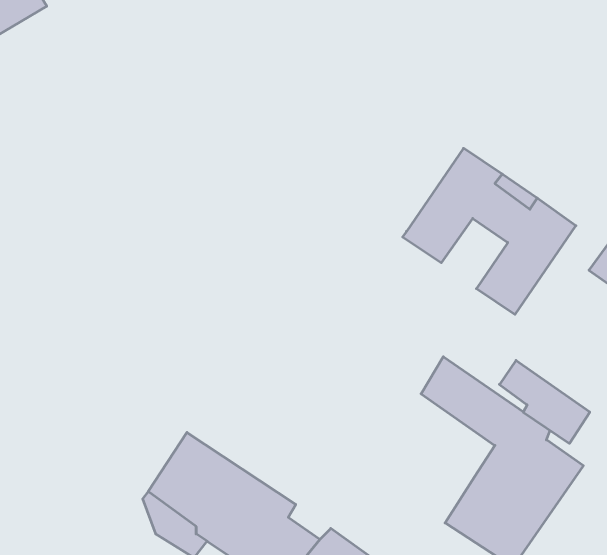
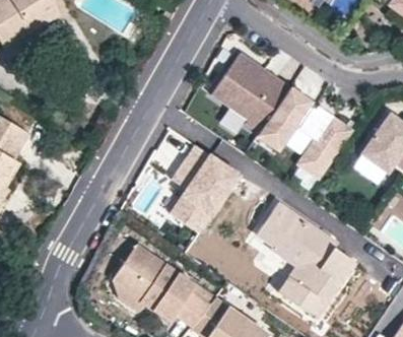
building: none -> [210,53,289,133]
building: none -> [165,142,240,232]
building: [499,360,590,443] -> [257,222,307,268]

